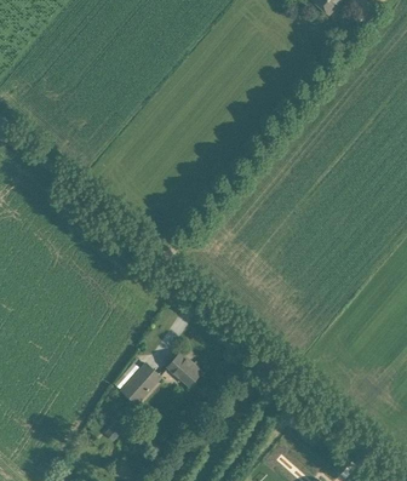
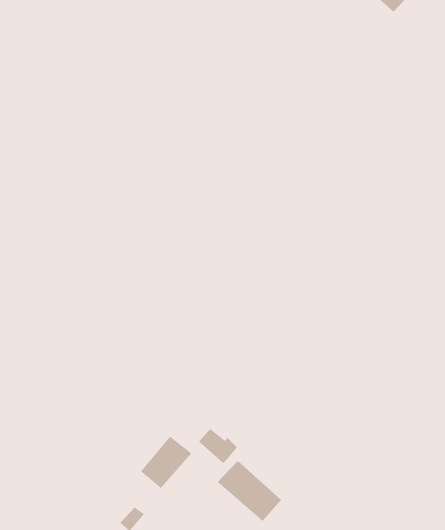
building: none -> [217,460,282,522]

